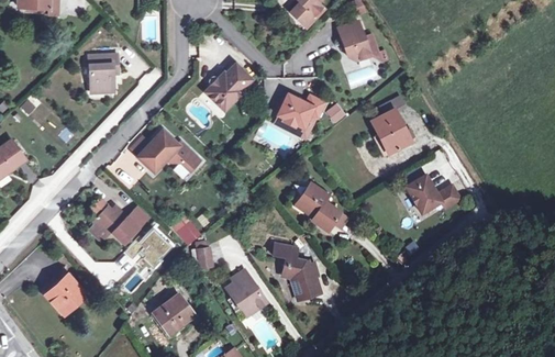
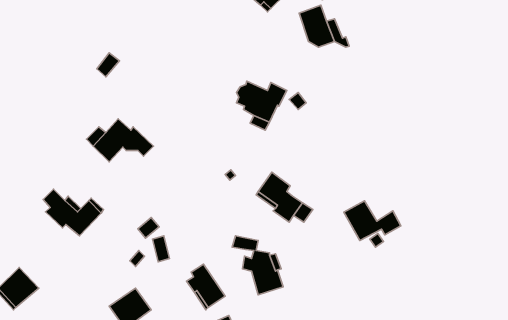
building: [88,55,118,93] -> none
building: [203,64,252,112] -> none
building: [371,98,410,155] -> none
building: [404,175,459,213] -> [344,201,401,241]

